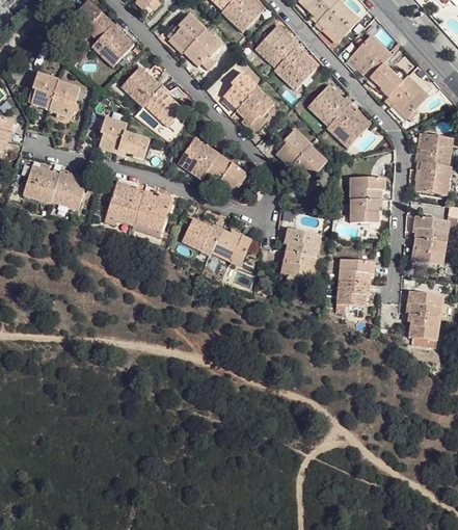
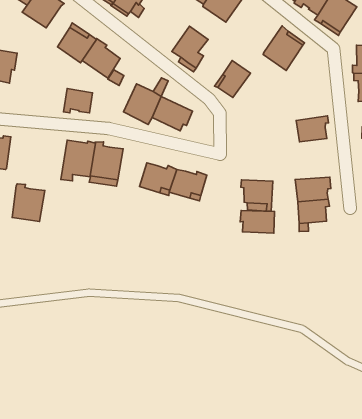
building: [223,71,259,109] -> none
building: [307,84,349,126] -> none
building: [99,116,127,154] -> none
building: [289,145,327,181] -> none
building: [51,168,88,210] -> [12,184,45,221]
building: [350,177,385,200] -> none
building: [285,229,321,257] -> [240,210,275,233]

